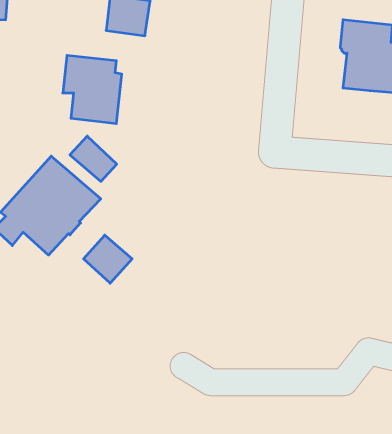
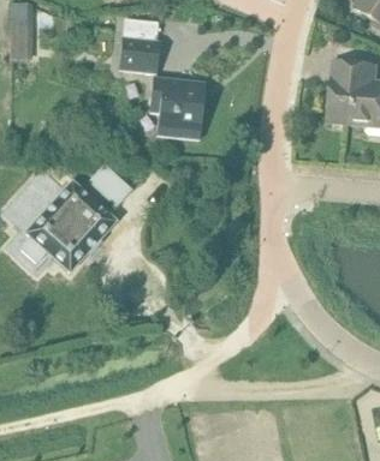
building: [63,55,122,124] -> [149,77,202,138]
building: [84,235,132,283] -> none

